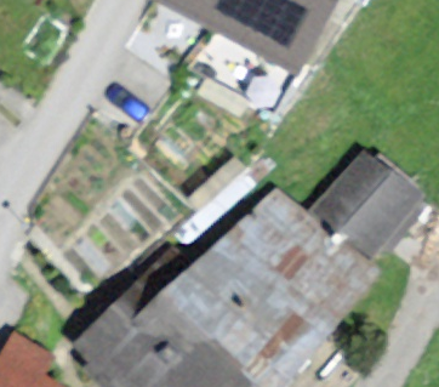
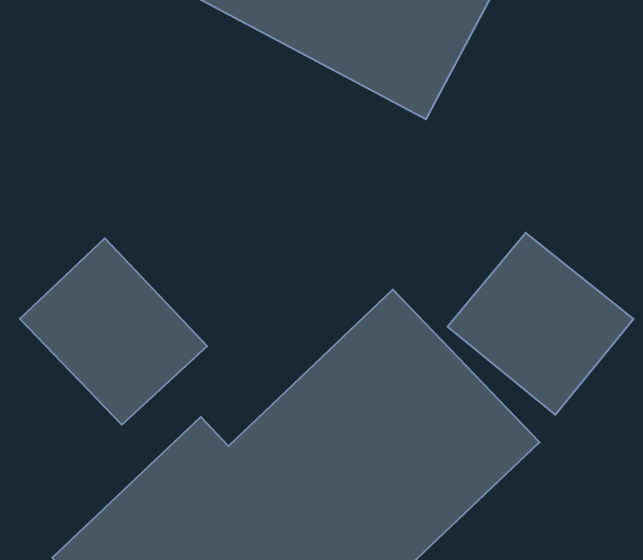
building: none -> [20,238,207,425]

